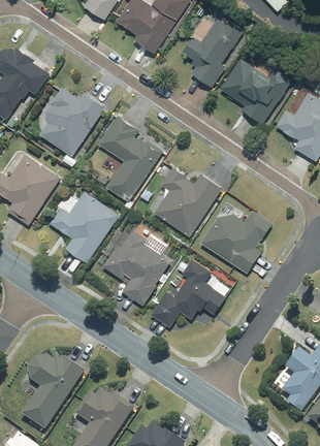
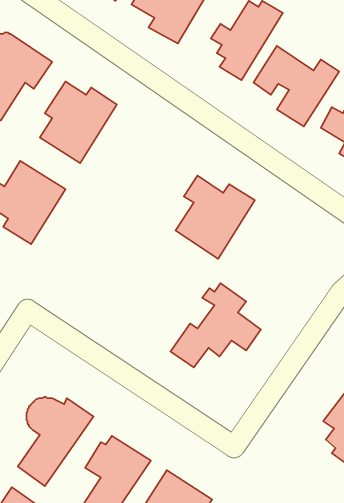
building: [97,118,163,199] -> none
building: [50,191,118,262] -> none
building: [200,202,273,273] -> none
building: [103,227,171,306] -> none

